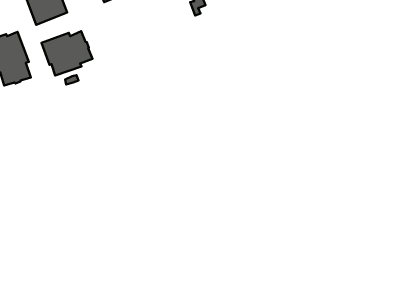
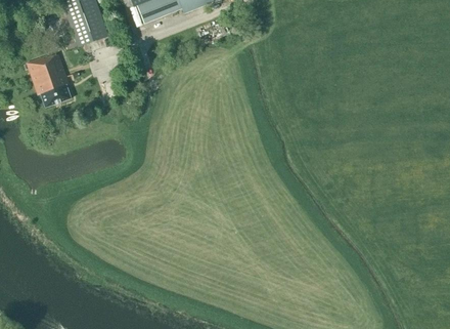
building: [41,31,93,76] -> none

